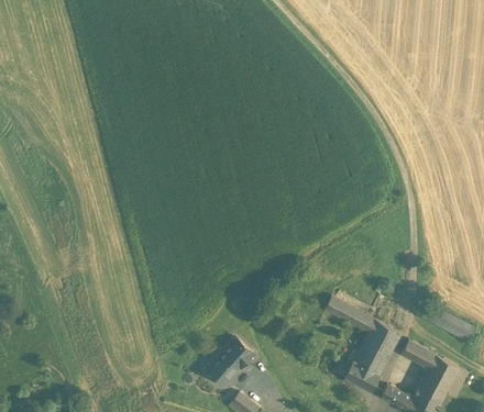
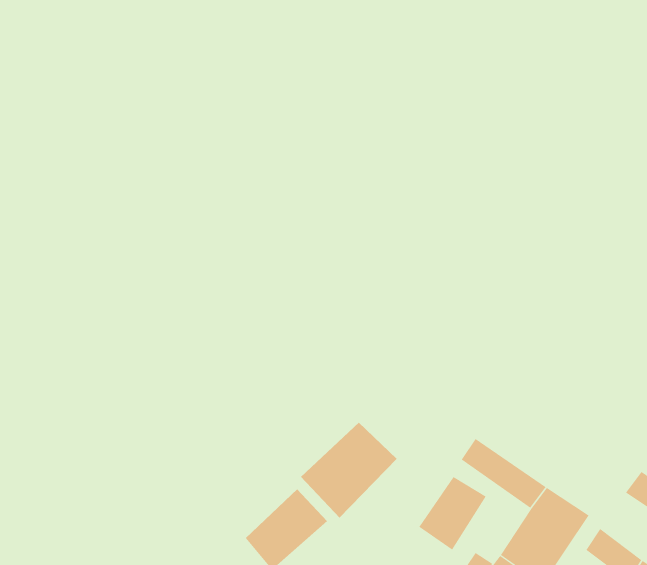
building: none -> [300,422,398,519]
building: none -> [418,476,487,550]

